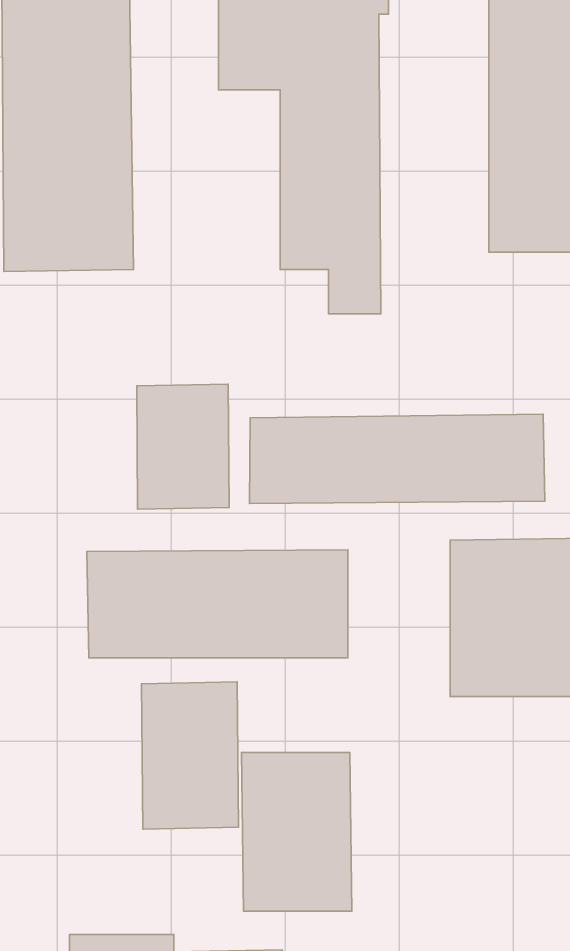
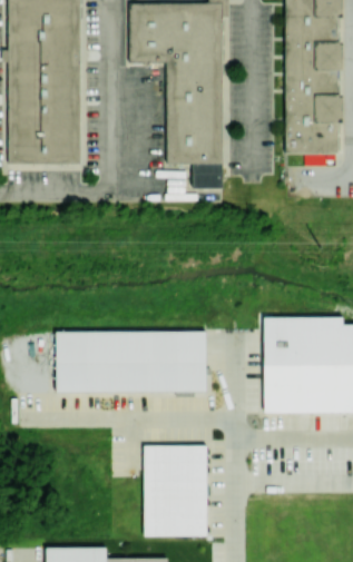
building: [137,384,229,509] -> none
building: [249,414,545,503] -> none
building: [142,682,238,829] -> none

